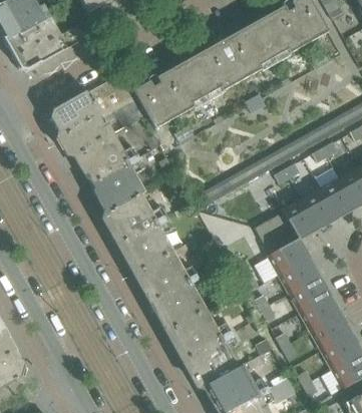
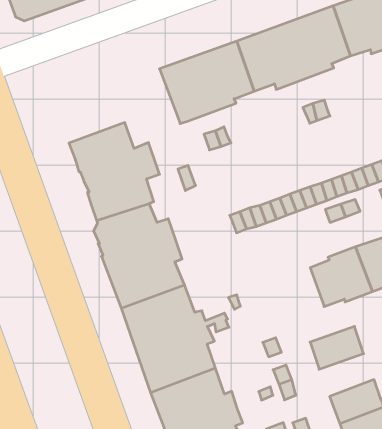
building: [52,73,147,155] -> none
building: [254,219,309,274] -> none
building: [288,276,330,312] -> none

